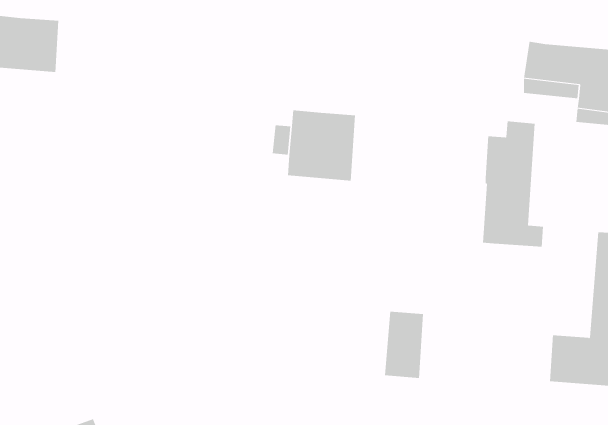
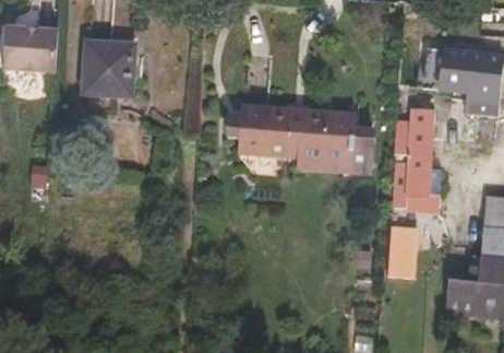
building: none -> [82,45,132,95]
building: none -> [288,105,375,175]
building: [384,311,424,378] -> [386,224,418,278]

